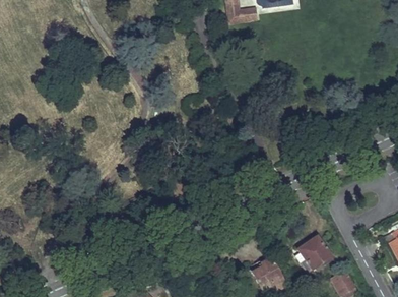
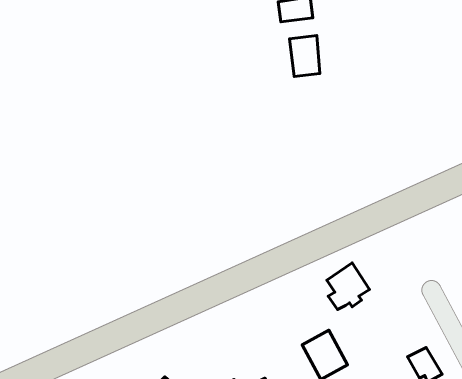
building: none -> [290,35,320,77]
building: [297,236,330,272] -> [327,263,369,310]

